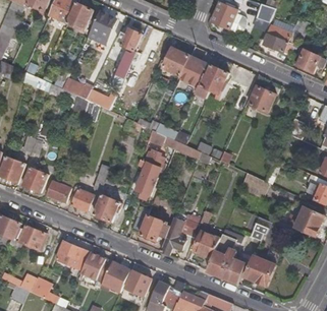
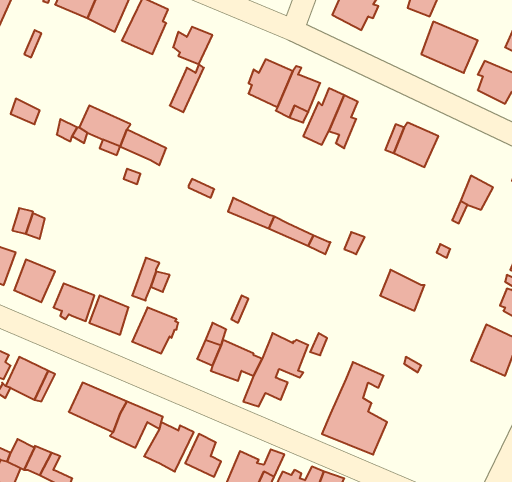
building: [134,152,164,196] -> none
building: [192,231,219,258] -> none
building: [244,255,274,286] -> none

